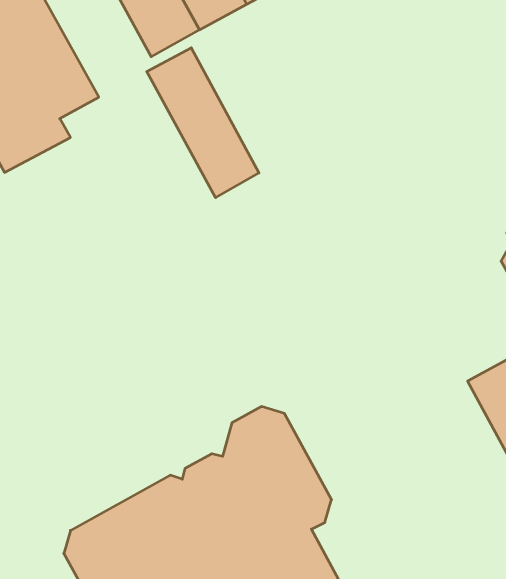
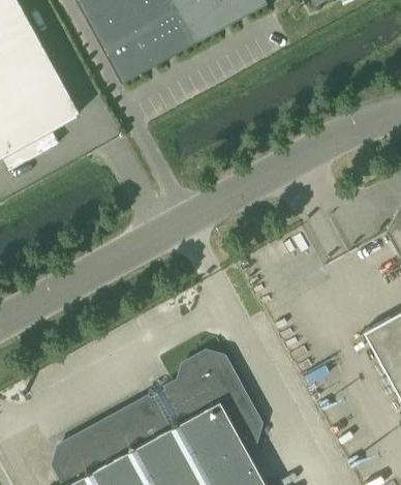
building: [147,48,259,198] -> none

